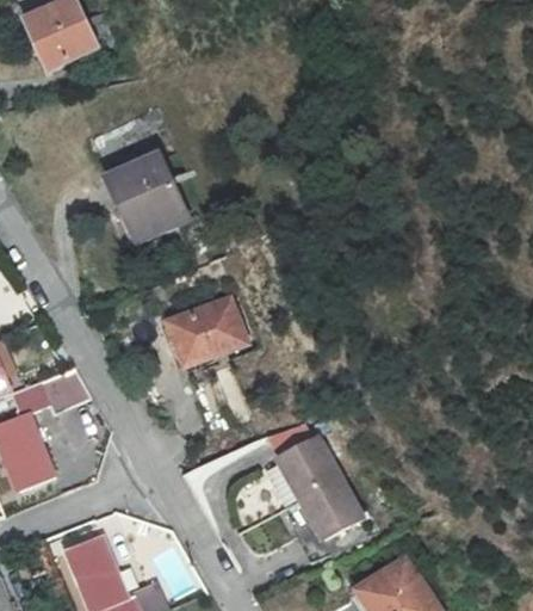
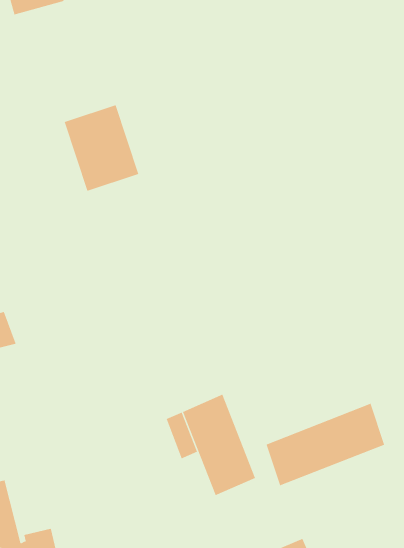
building: [163,290,246,364] -> none
building: none -> [266,403,385,486]

